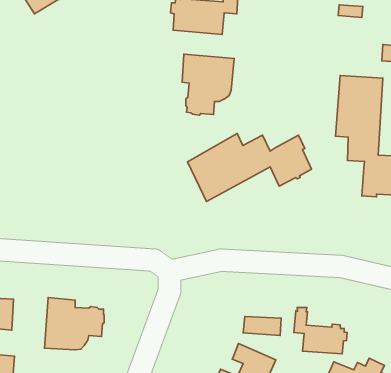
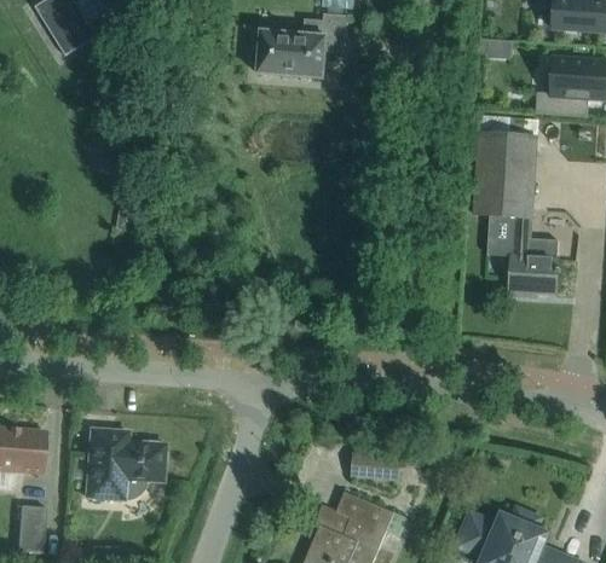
building: [182,54,234,115] -> none
building: [187,134,312,201] -> none
building: [294,307,347,354] -> none

